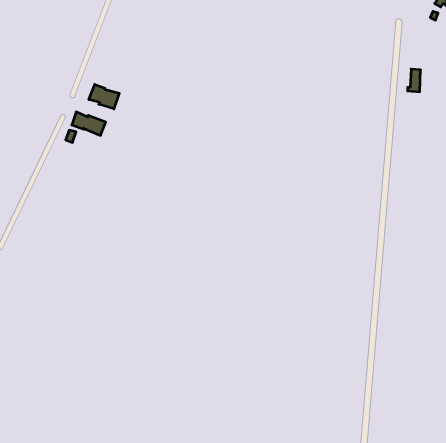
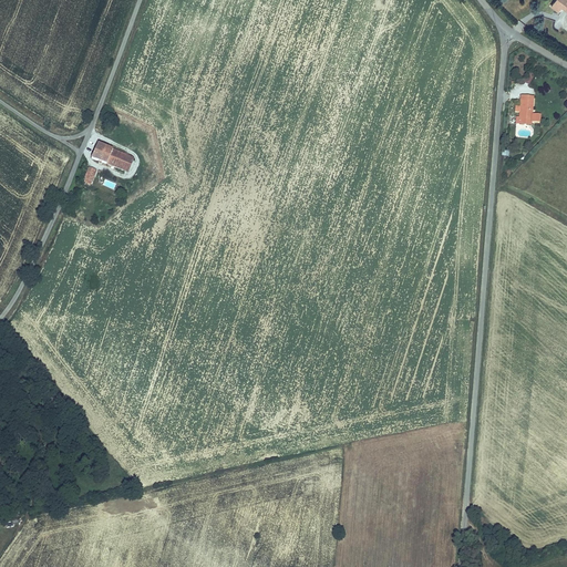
building: [89,84,119,109] -> none

